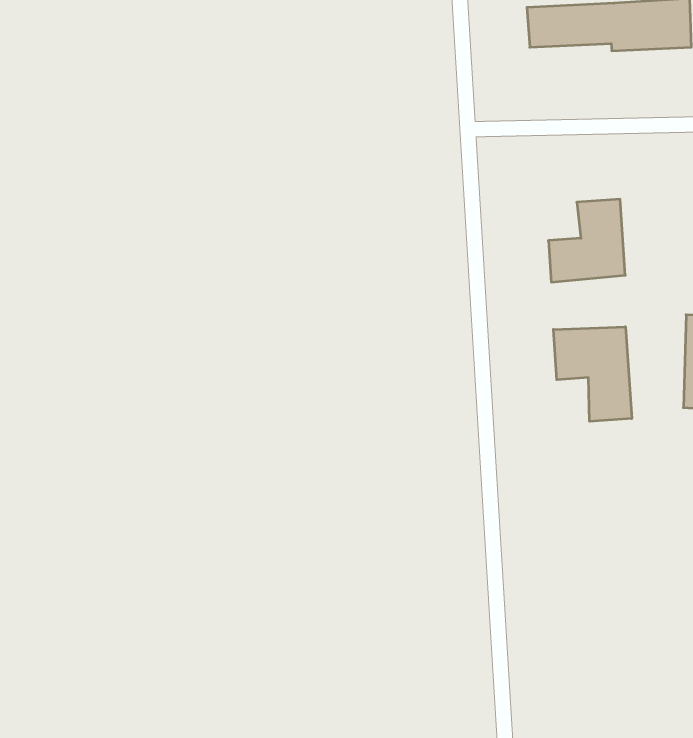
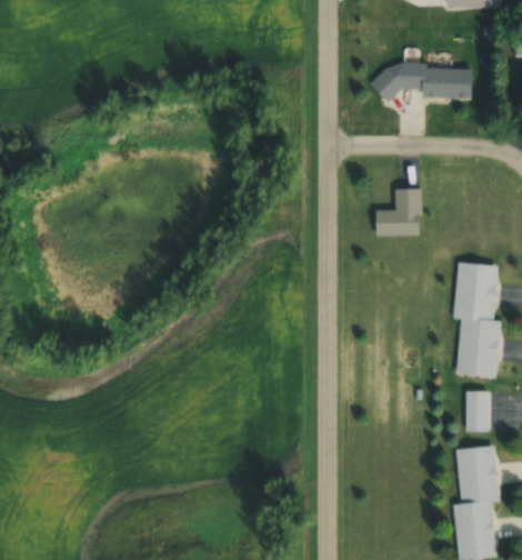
building: [553,327,632,421] -> none

